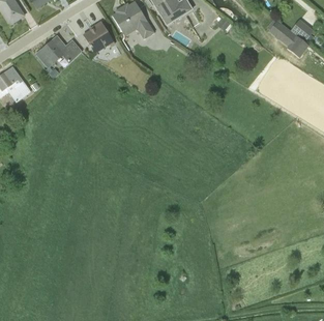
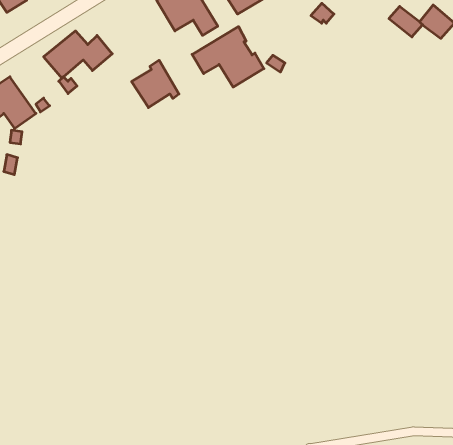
building: [83,21,115,53] -> [132,60,179,108]
building: none -> [192,27,264,87]

